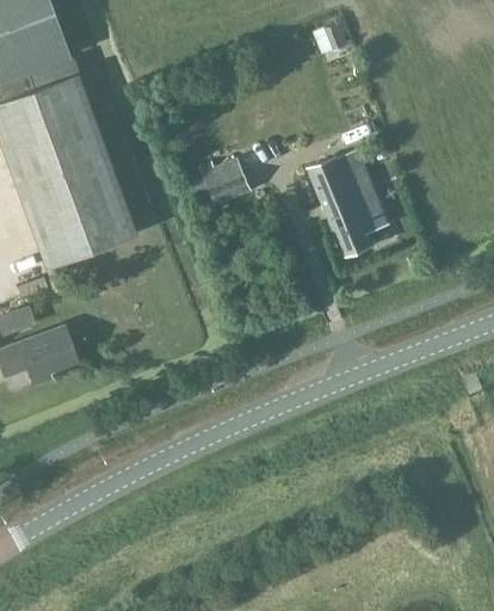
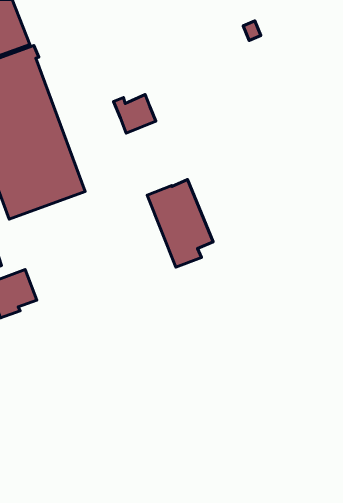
building: [309,148,389,254] -> [147,180,213,267]
building: [200,156,252,203] -> [113,95,156,133]

